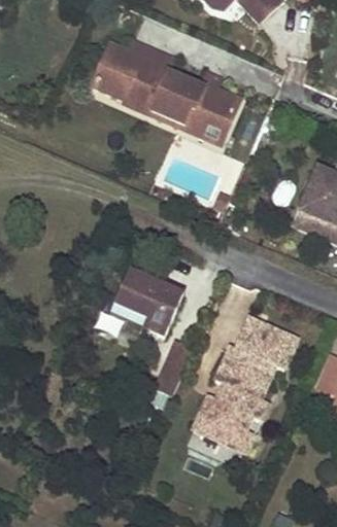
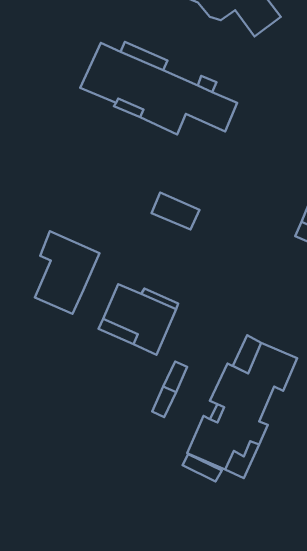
building: [183,108,229,143] -> [151,192,199,230]
building: none -> [35,231,100,314]

